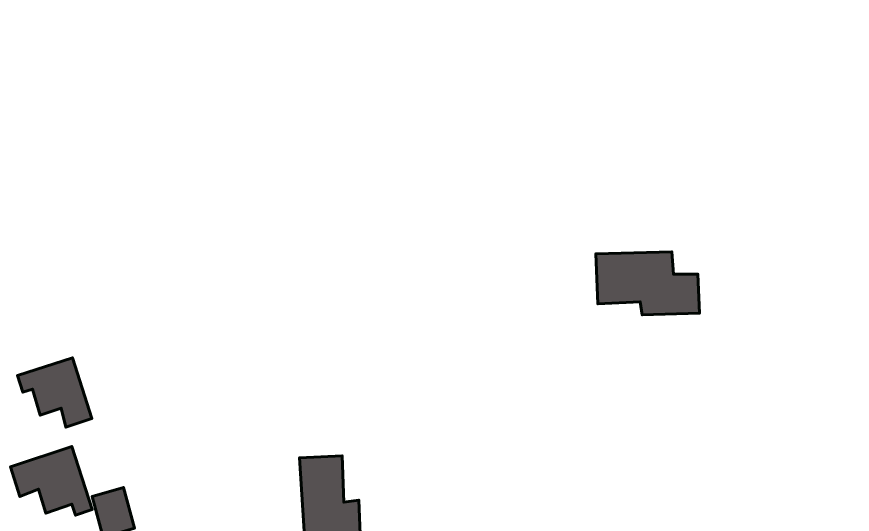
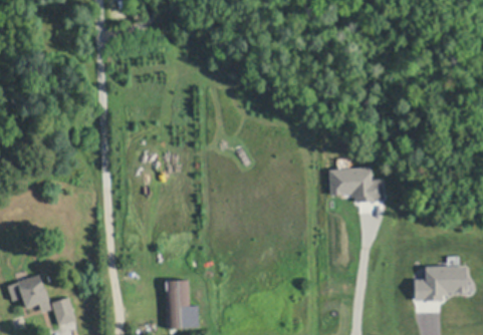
building: [17,358,92,427] -> none
building: none -> [410,267,462,301]

